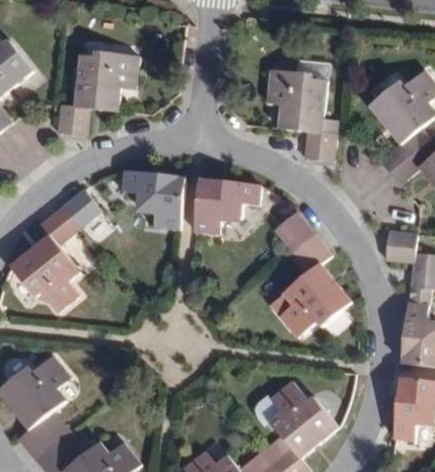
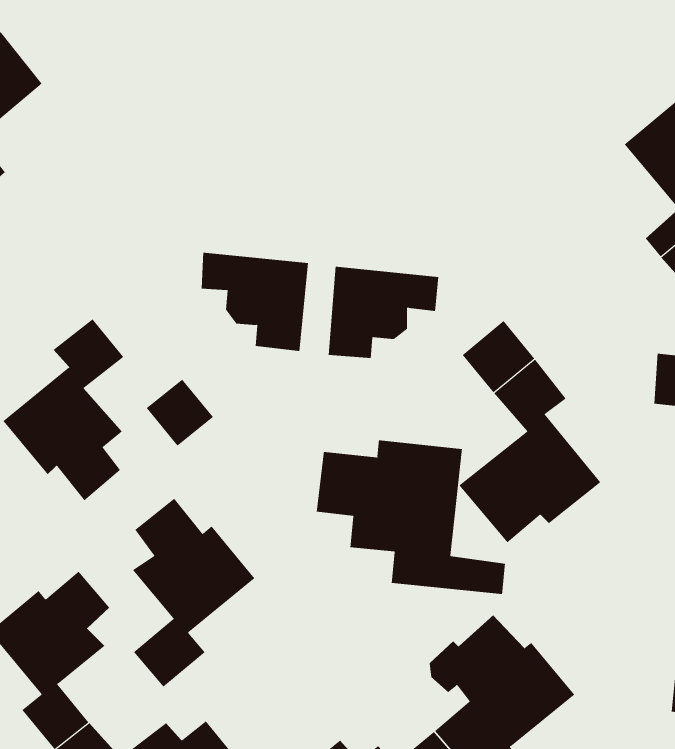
building: [55,50,135,136] -> none
building: [264,59,333,159] -> none
building: [59,190,98,230] -> [146,379,214,447]
building: none -> [316,440,505,595]
building: none -> [132,498,255,687]

